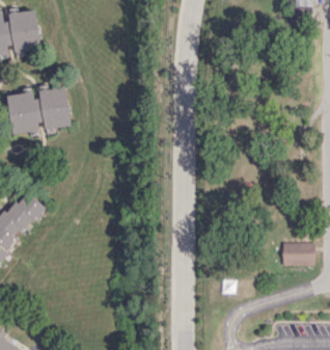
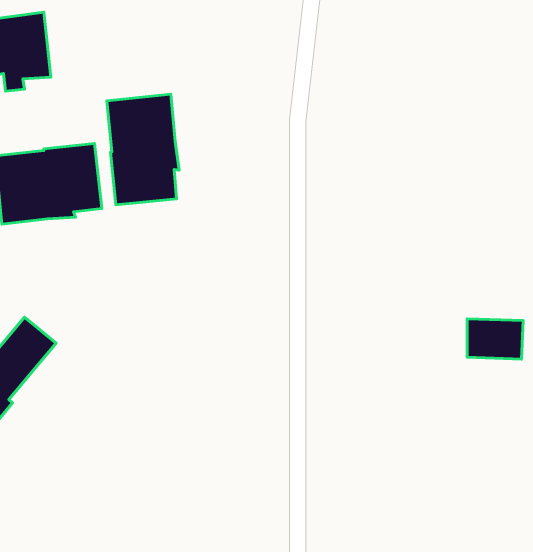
building: none -> [107,94,179,205]
building: [282,242,315,266] -> [467,319,523,359]

